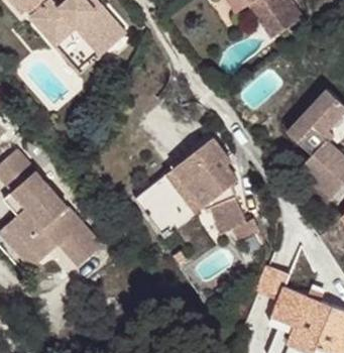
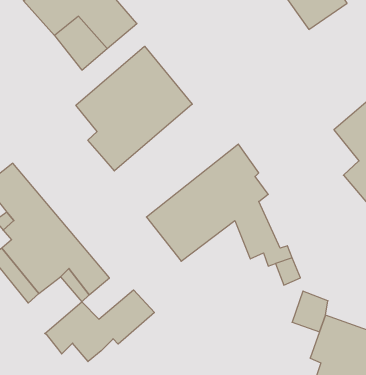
building: none -> [76,46,192,171]
building: none -> [45,290,154,362]

